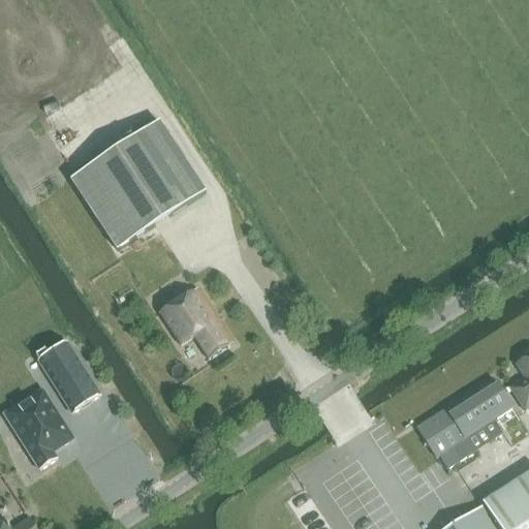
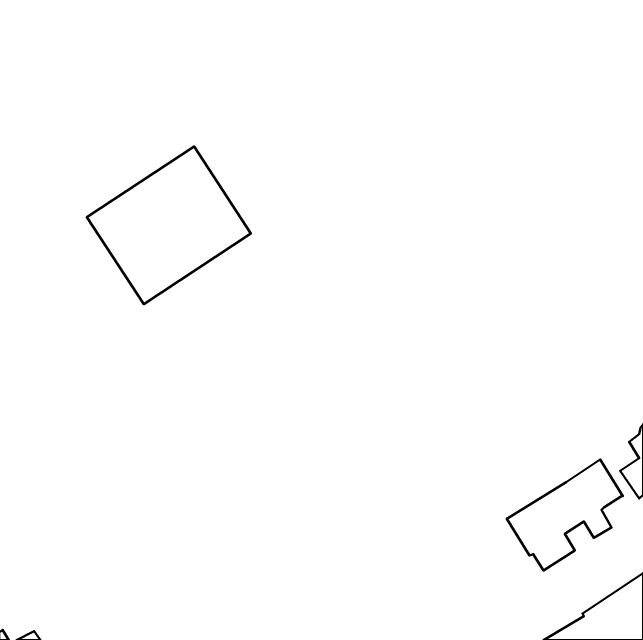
building: [159,286,234,366] -> none
building: [38,342,100,411] -> none
building: [4,388,73,468] -> none

